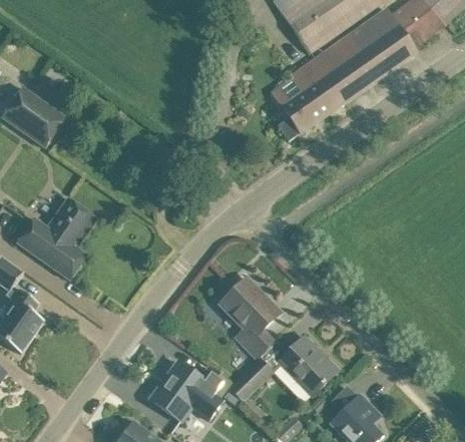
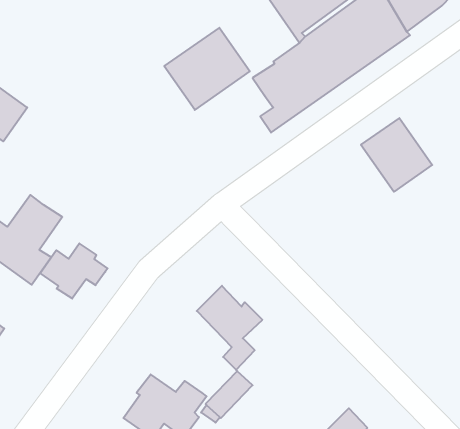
building: none -> [164,28,250,110]
building: none -> [361,118,432,192]
building: none -> [40,243,108,299]
building: [278,336,335,396] -> none

